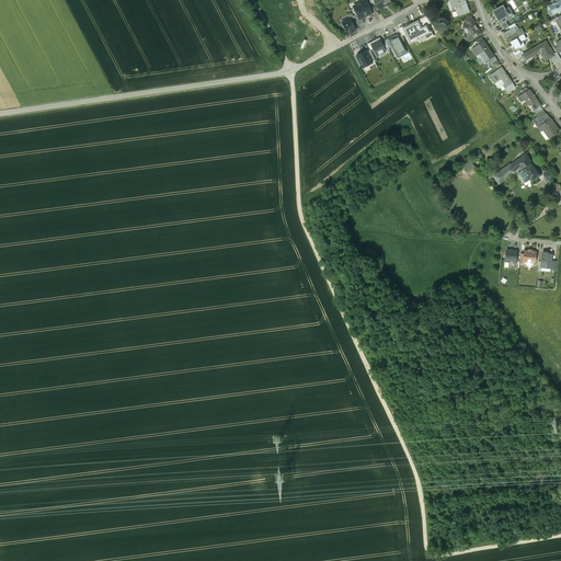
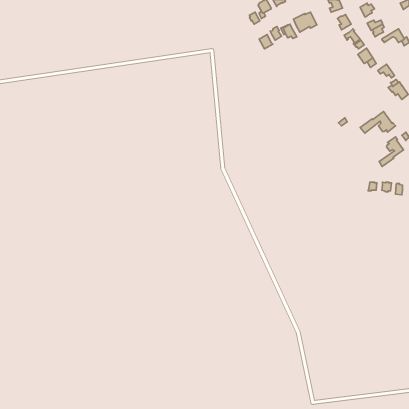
building: none -> [379,137,404,166]

